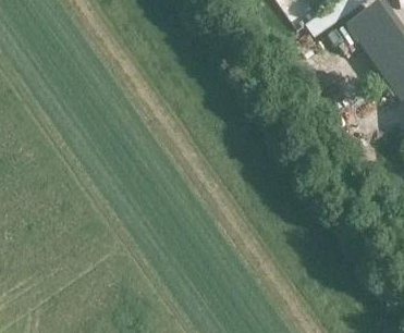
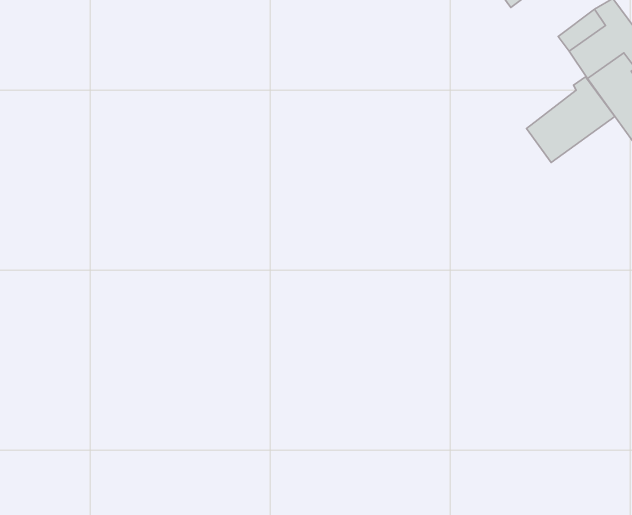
building: none -> [526,77,615,162]

